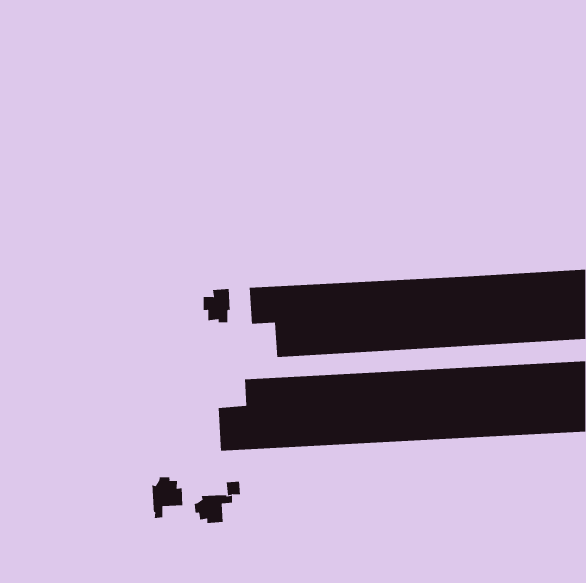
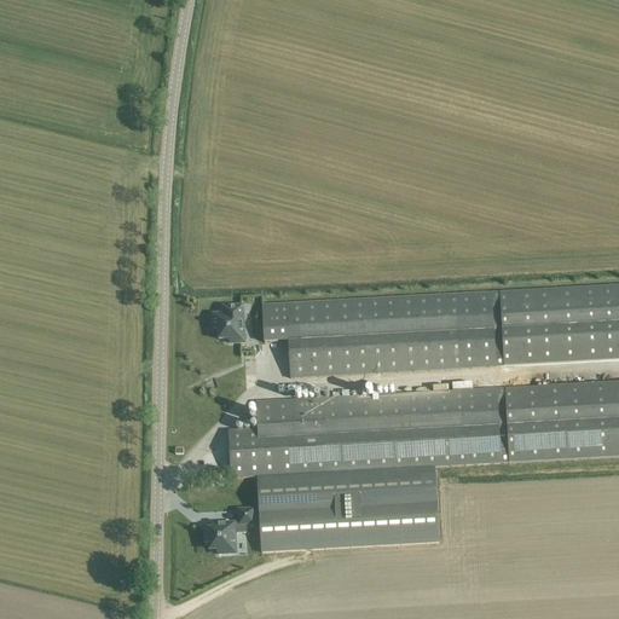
building: none -> [258,467,439,551]
building: [152,476,183,519] -> none

